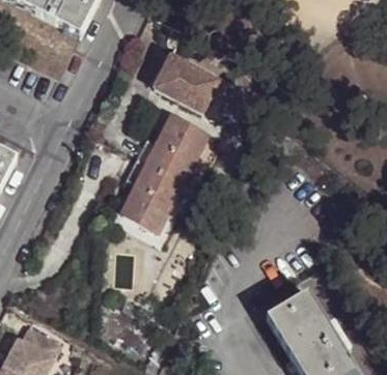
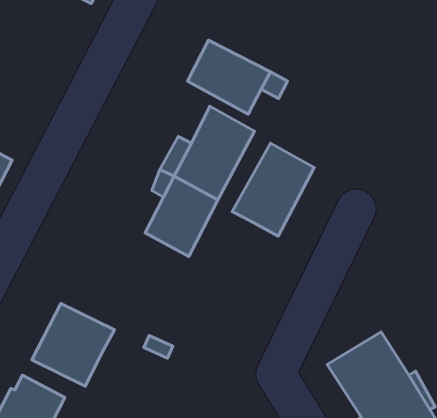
building: none -> [232,143,314,236]
building: none -> [32,304,114,386]

